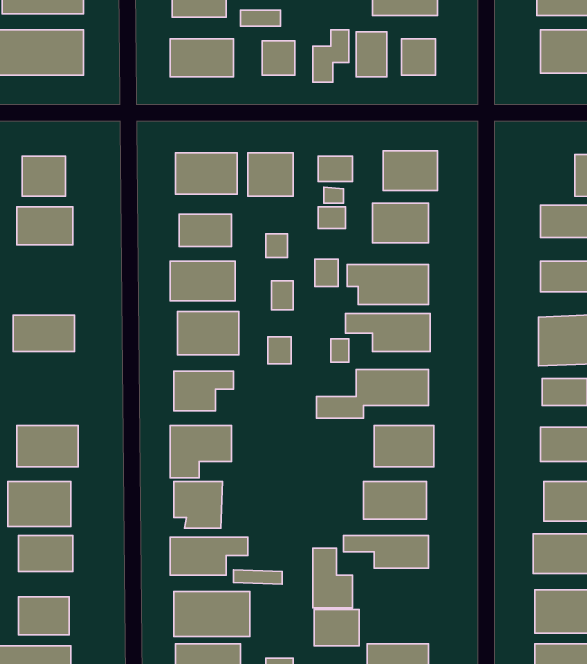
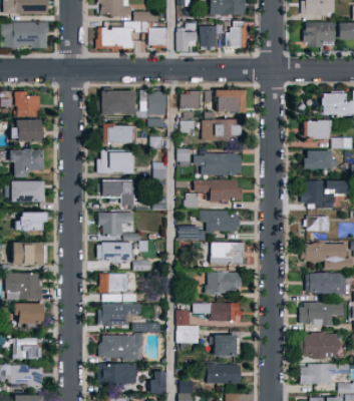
building: none -> [10,150,43,176]
building: none -> [15,213,46,231]
building: [314,610,359,646] -> [213,336,238,356]

